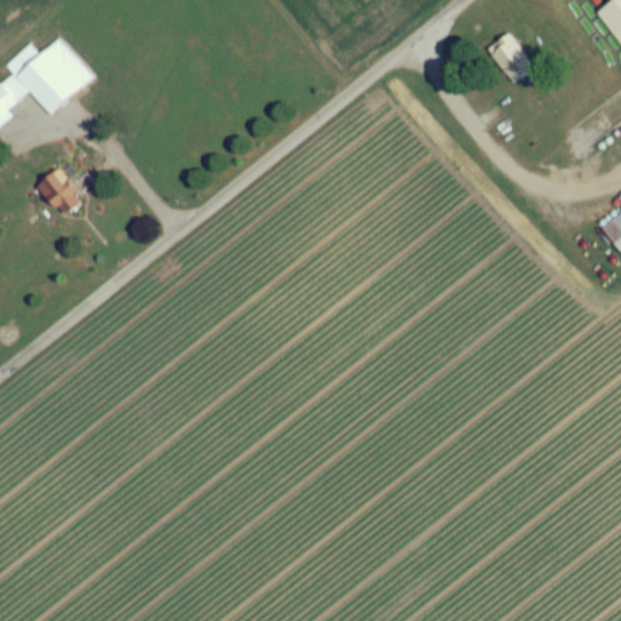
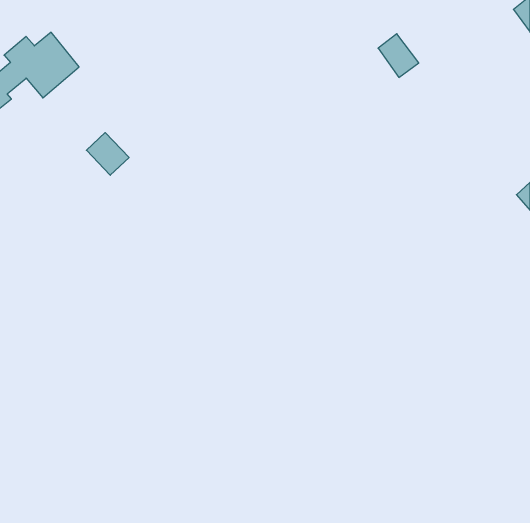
building: [488,32,535,82] -> [378,34,419,77]
building: [36,166,86,216] -> [86,133,129,175]

